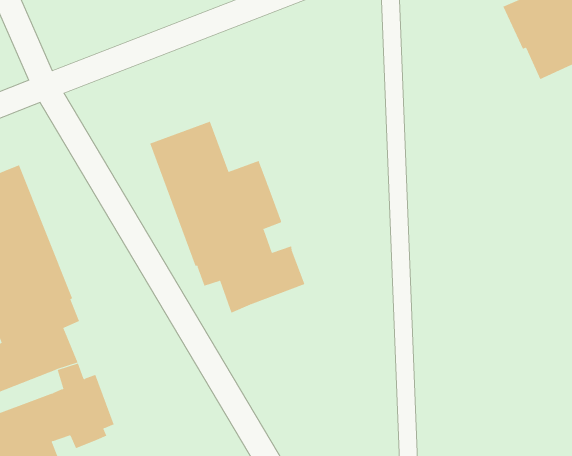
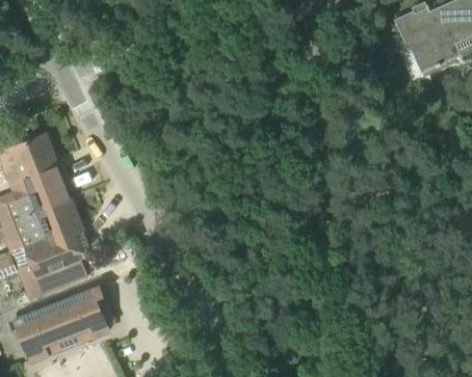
building: [149,121,305,314] -> none

